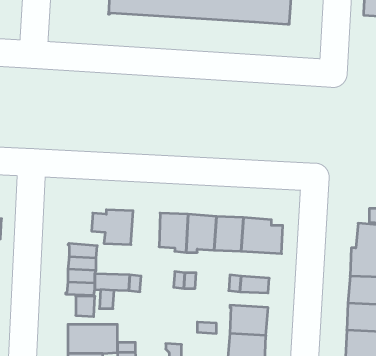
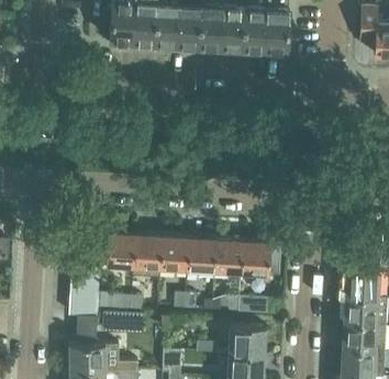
building: none -> [132,234,160,278]

